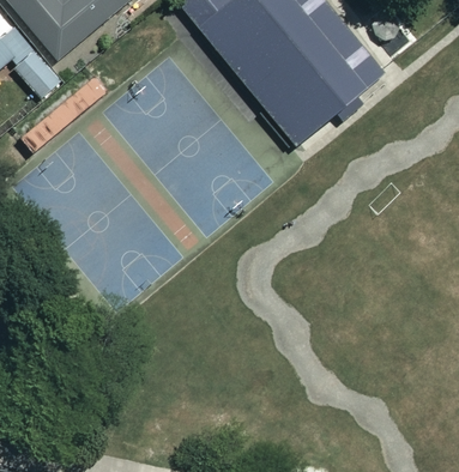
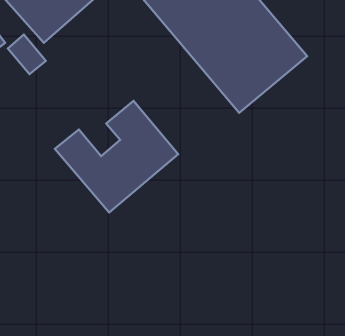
building: none -> [55,101,178,213]

